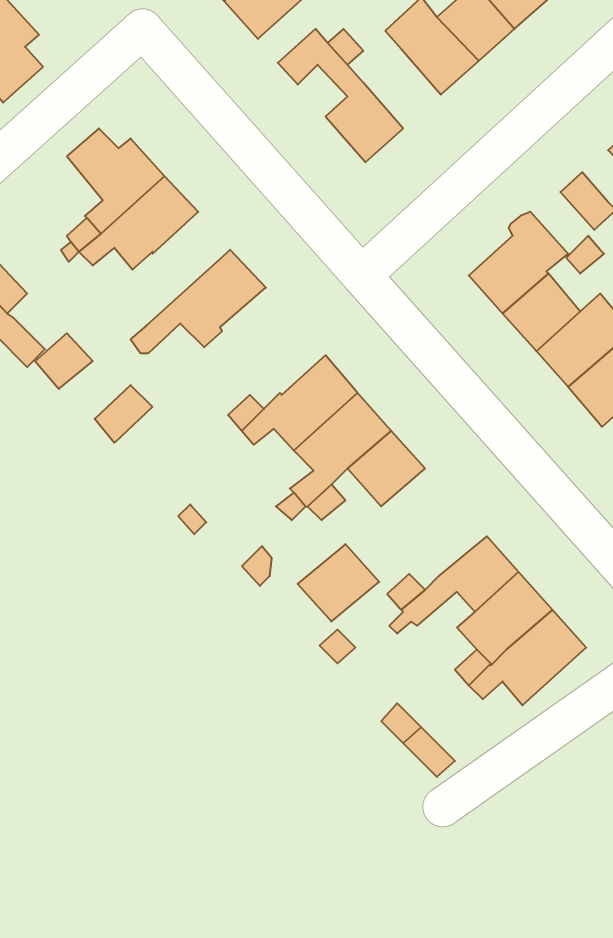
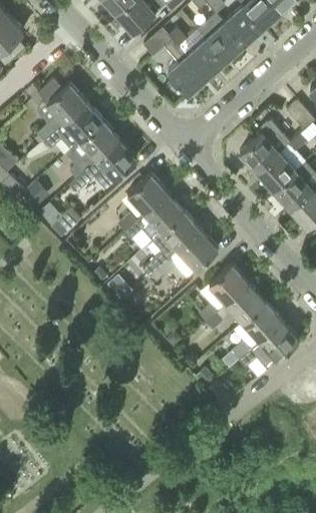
building: none -> [187,39,226,79]
building: none -> [65,121,119,178]
building: none -> [128,174,168,213]
building: [298,544,379,622] -> [208,266,249,305]

